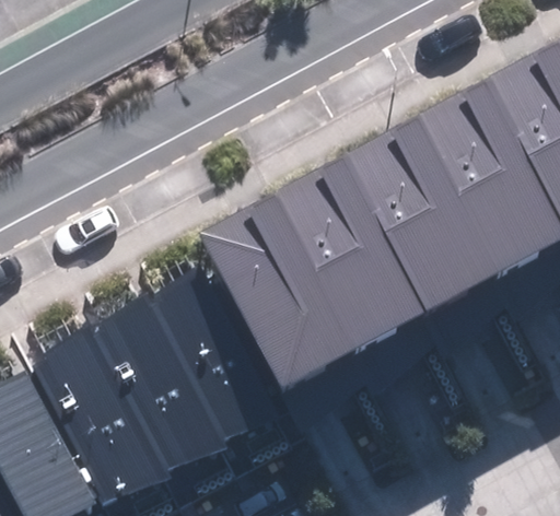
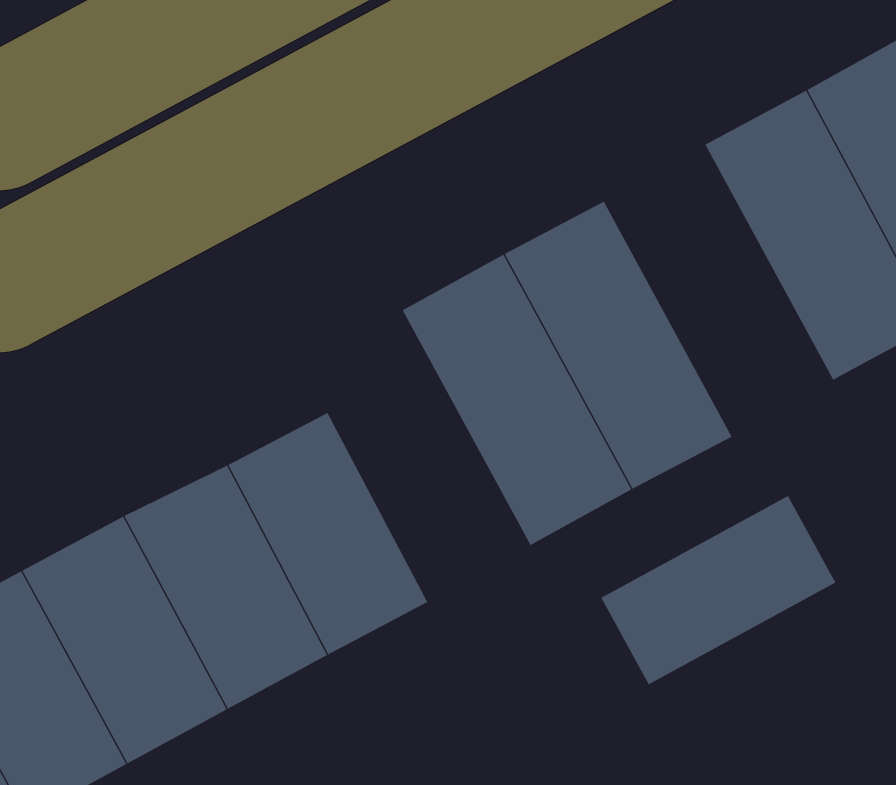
building: [377,110,520,292] -> none
building: [189,213,331,395] -> none
building: none -> [600,495,836,685]

